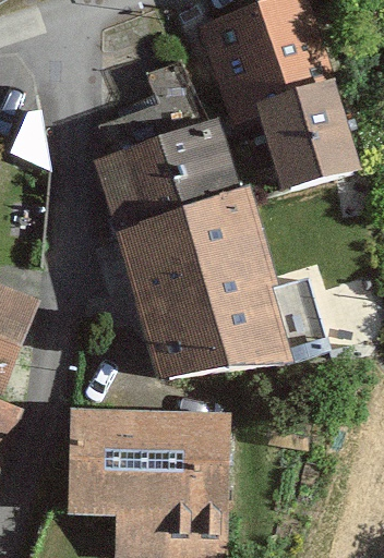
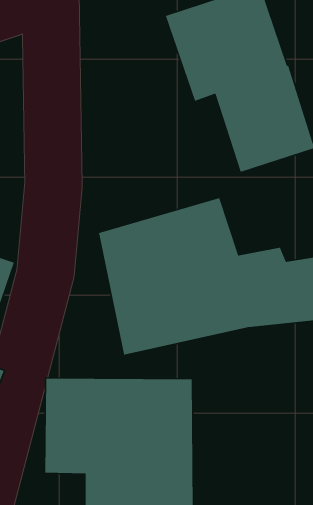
building: [88,118,253,257] -> none

